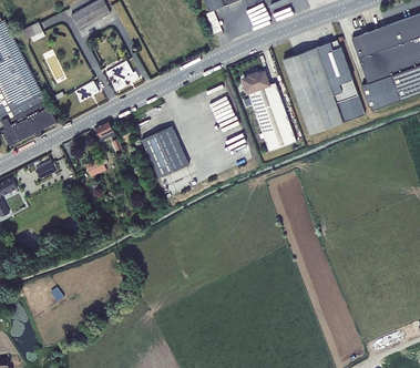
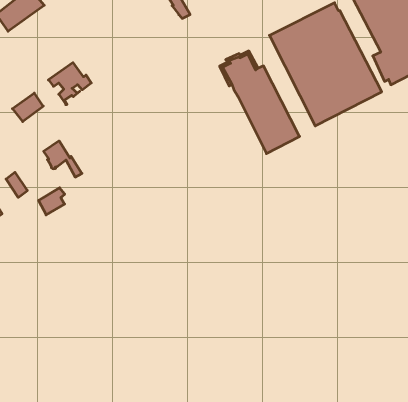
building: [141,125,188,177] -> none

